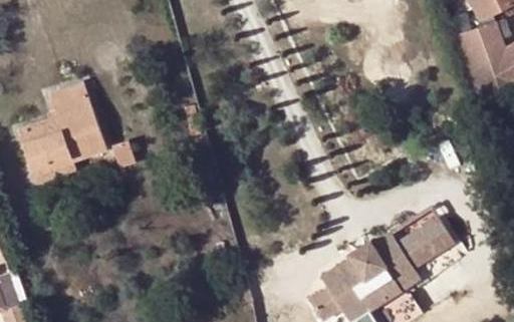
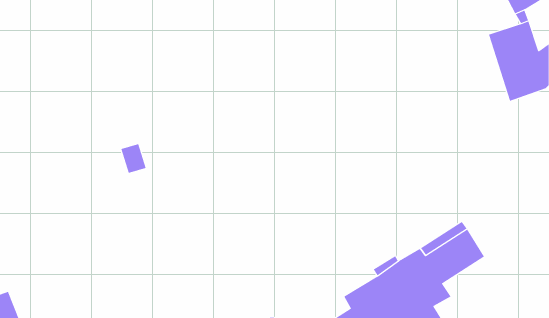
building: [20,82,109,183] -> none

